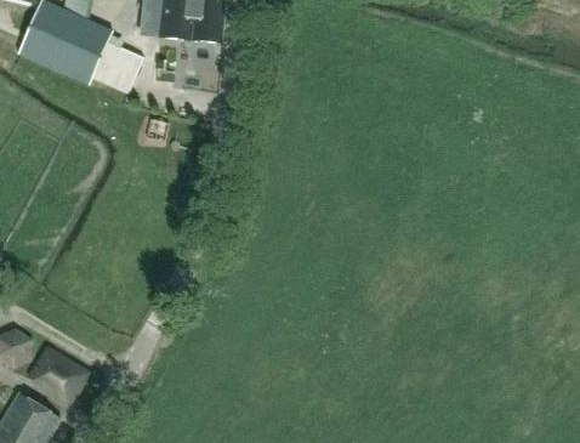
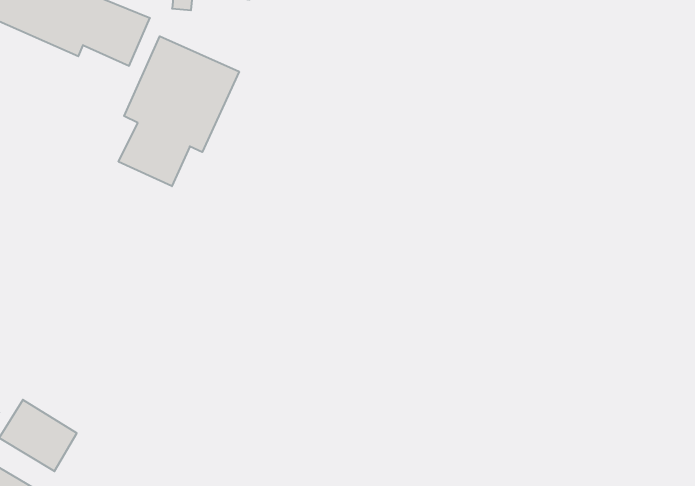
building: none -> [119,36,239,186]

